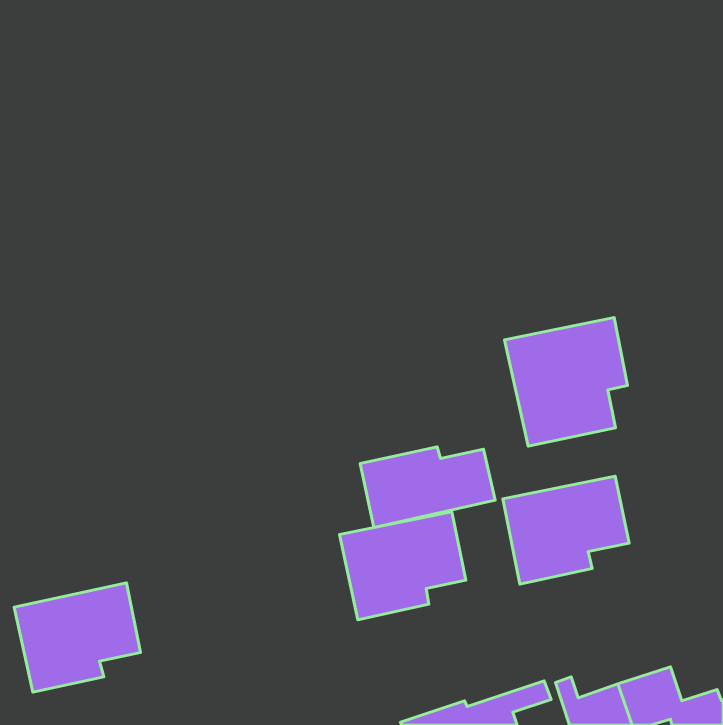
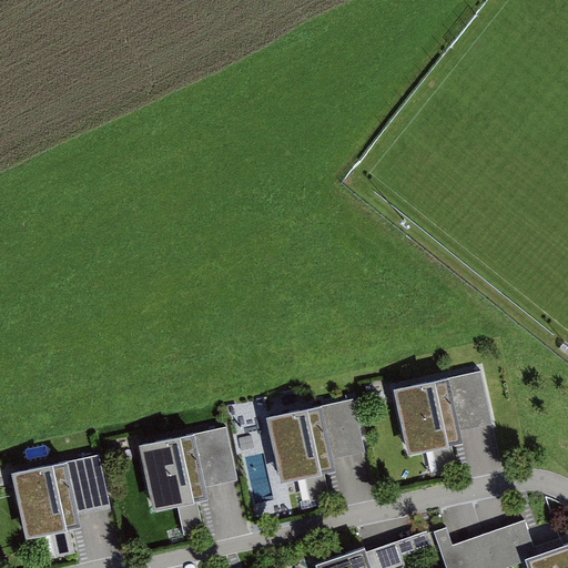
building: [505,318,628,446] -> none
building: [360,447,495,528] -> none
building: none -> [138,426,237,511]

